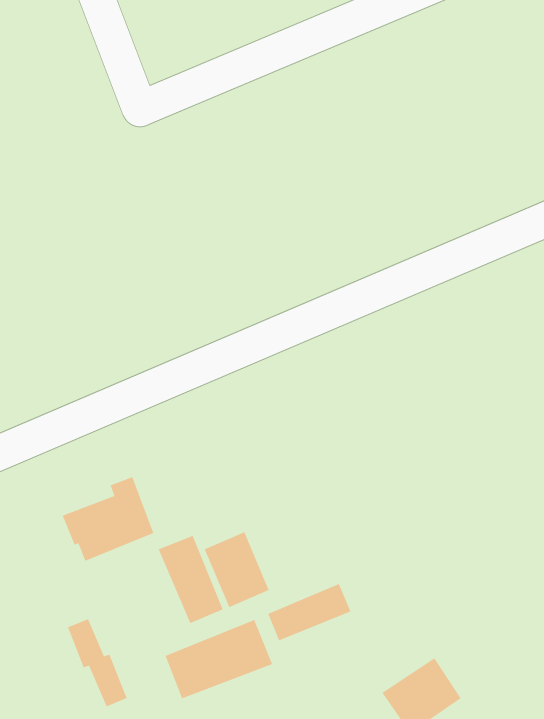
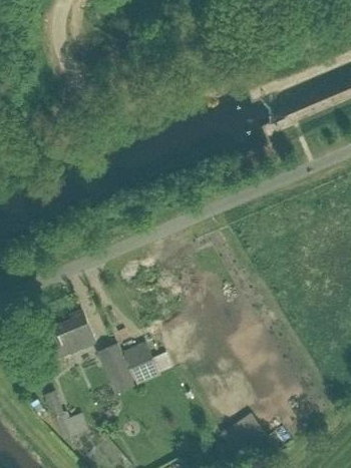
building: [268,583,351,641] -> none
building: [165,619,273,699] -> none

